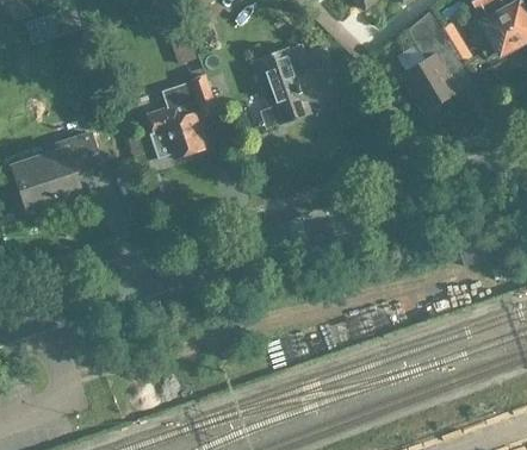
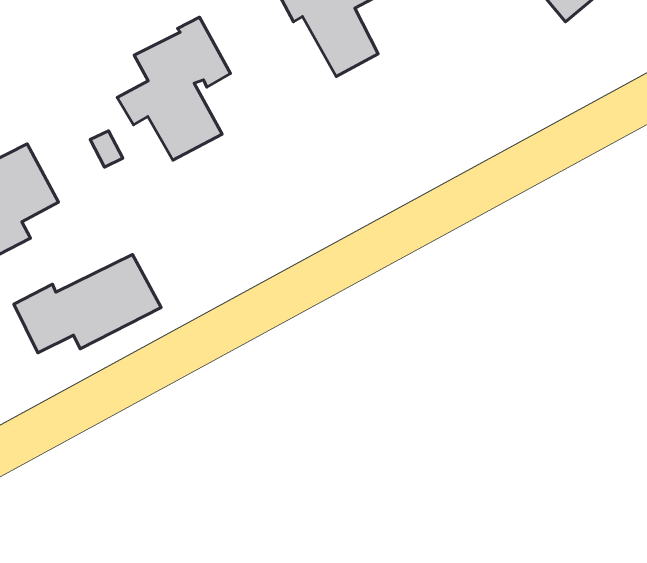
building: none -> [14,255,161,353]

